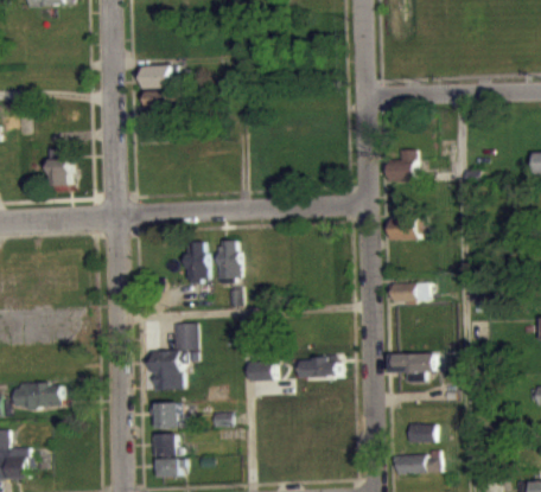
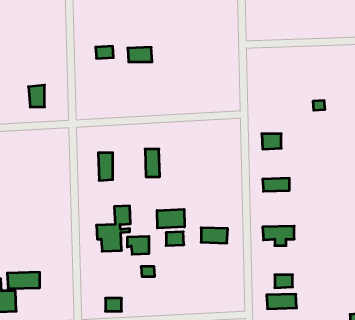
building: [136,66,172,88] -> [128,47,152,62]
building: [387,149,415,181] -> none
building: [183,242,204,282] -> [98,153,113,180]
building: none -> [157,209,184,228]
building: [13,384,61,408] -> [7,272,40,288]
building: [148,403,180,429] -> [127,236,149,254]
building: [151,434,178,456] -> none

